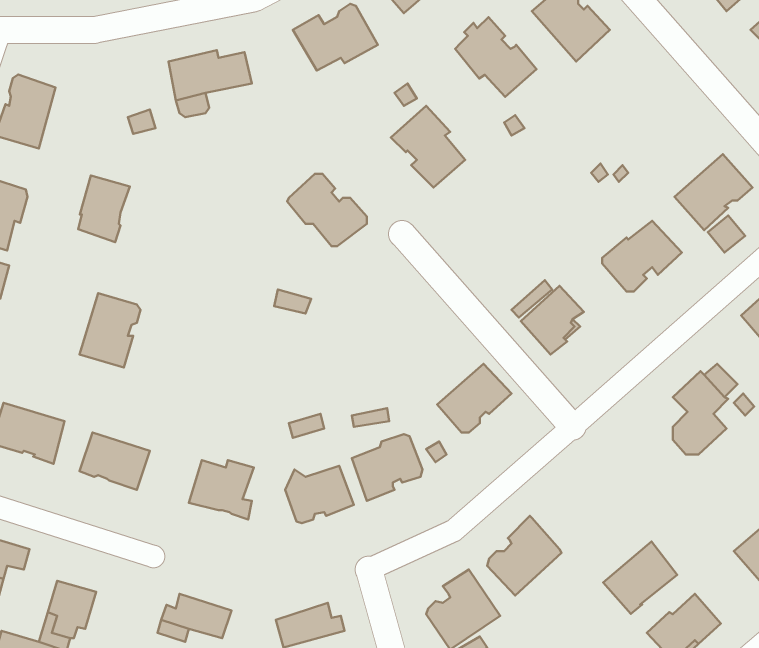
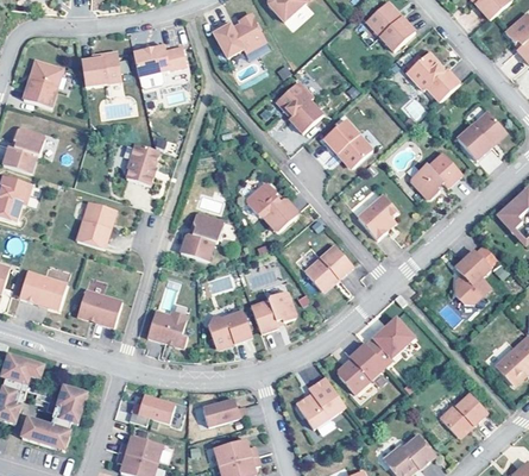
building: [455,17,537,97] -> [408,50,460,101]
building: none -> [81,51,121,86]
building: none -> [323,119,372,167]
building: [287,174,367,246] -> [246,183,297,230]
building: [78,176,130,242] -> [126,143,159,186]
building: none -> [180,213,223,261]
building: [603,542,677,614] -> [366,318,414,364]

